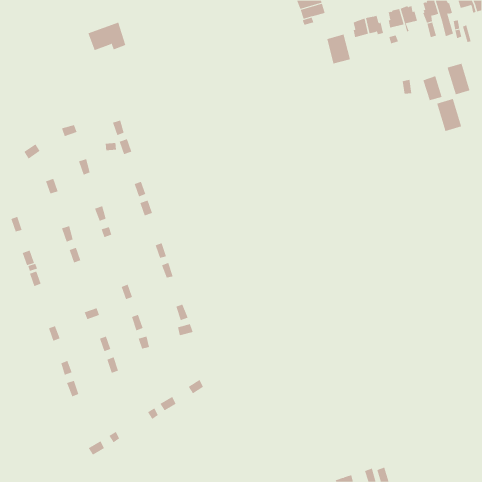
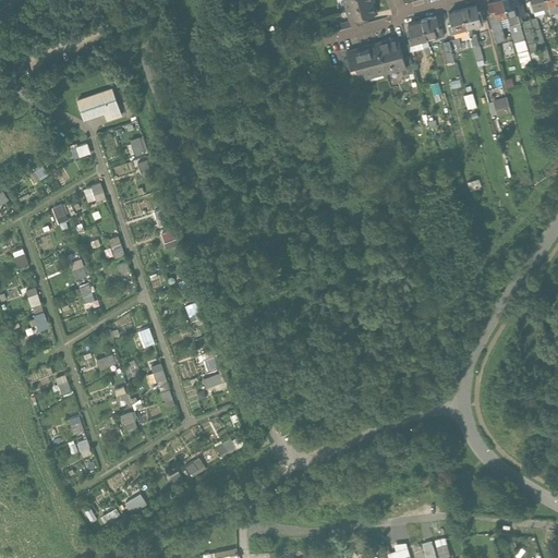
building: [88,22,126,51] -> [76,88,121,122]
building: none -> [347,45,385,80]
building: [447,63,470,95] -> none
building: [437,98,462,132] -> none

